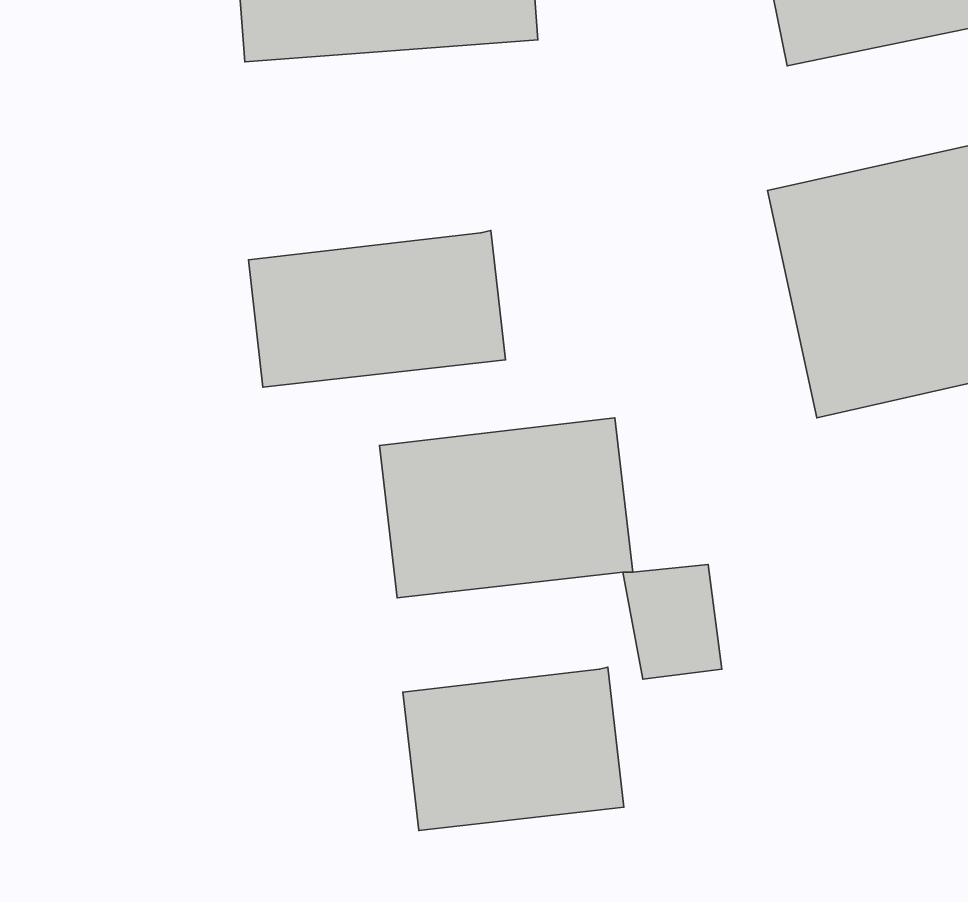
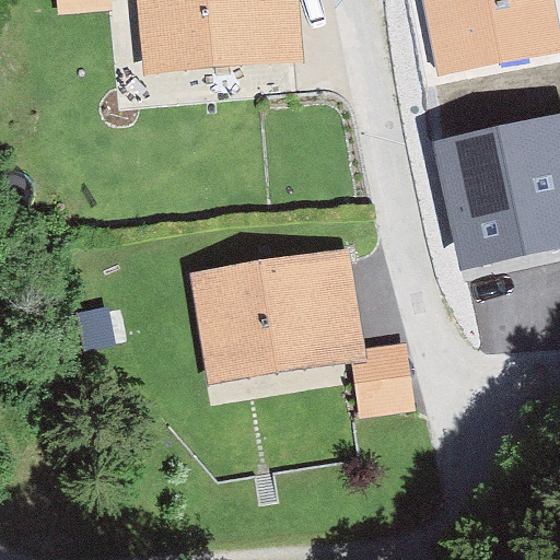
building: [249,231,506,387] -> none
building: [403,667,624,831] -> none

